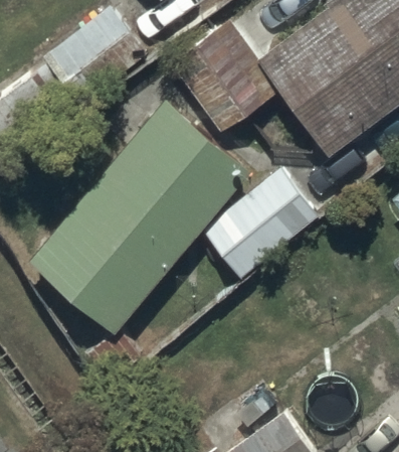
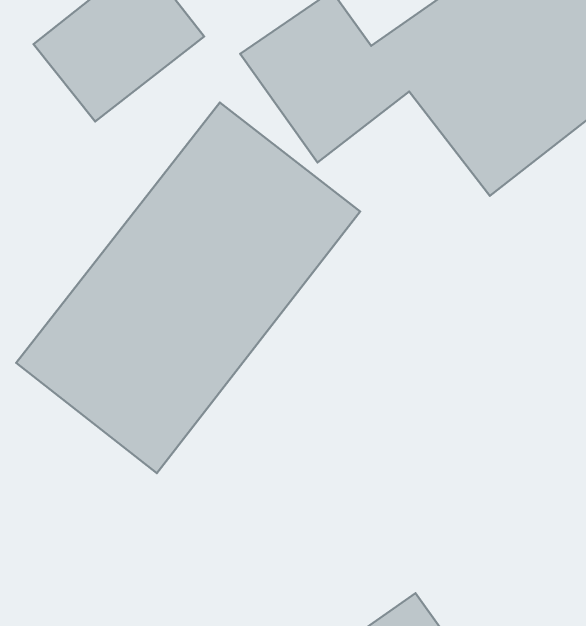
building: [204,171,322,283] -> none

